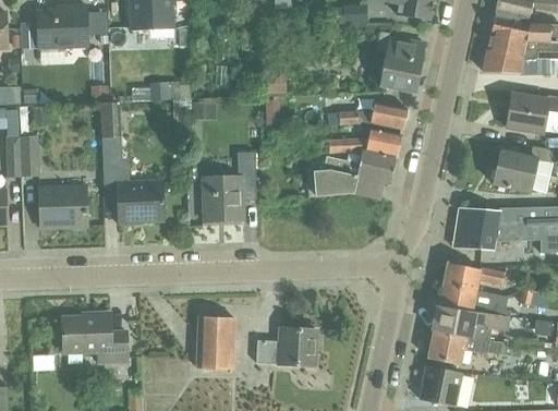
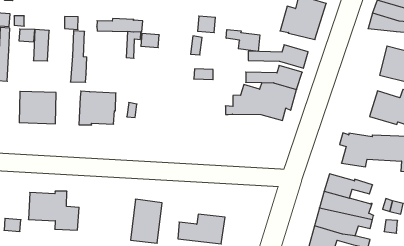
building: none -> [226,30,260,51]
building: [20,135,39,176] -> [33,30,49,61]
building: [203,153,255,220] -> none

